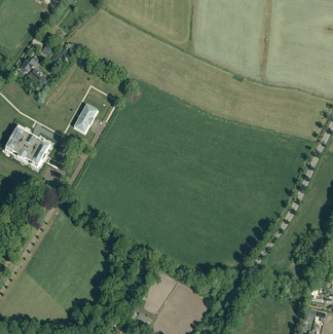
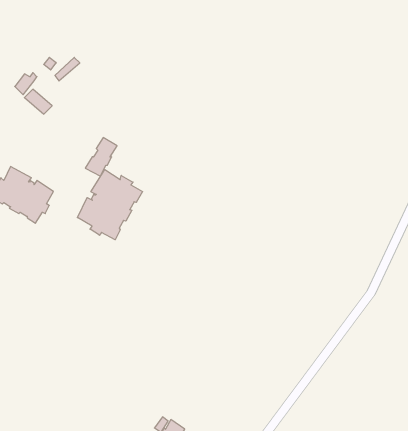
building: none -> [77,170,143,240]

